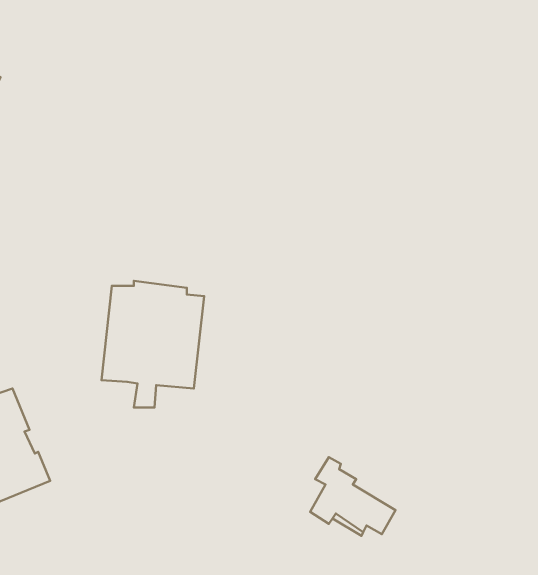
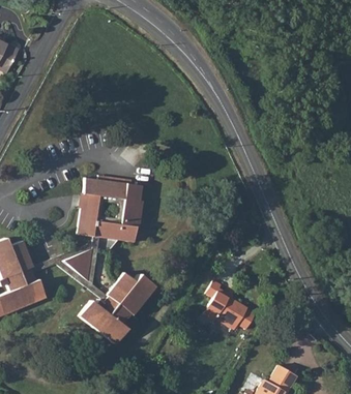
building: none -> [64,249,92,279]
building: none -> [80,273,155,343]

